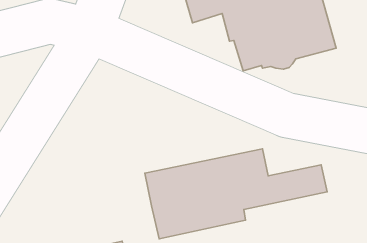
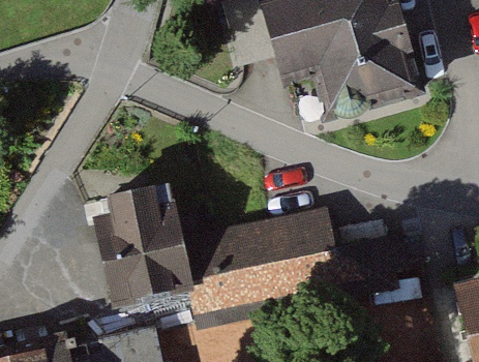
building: none -> [98,186,191,302]

